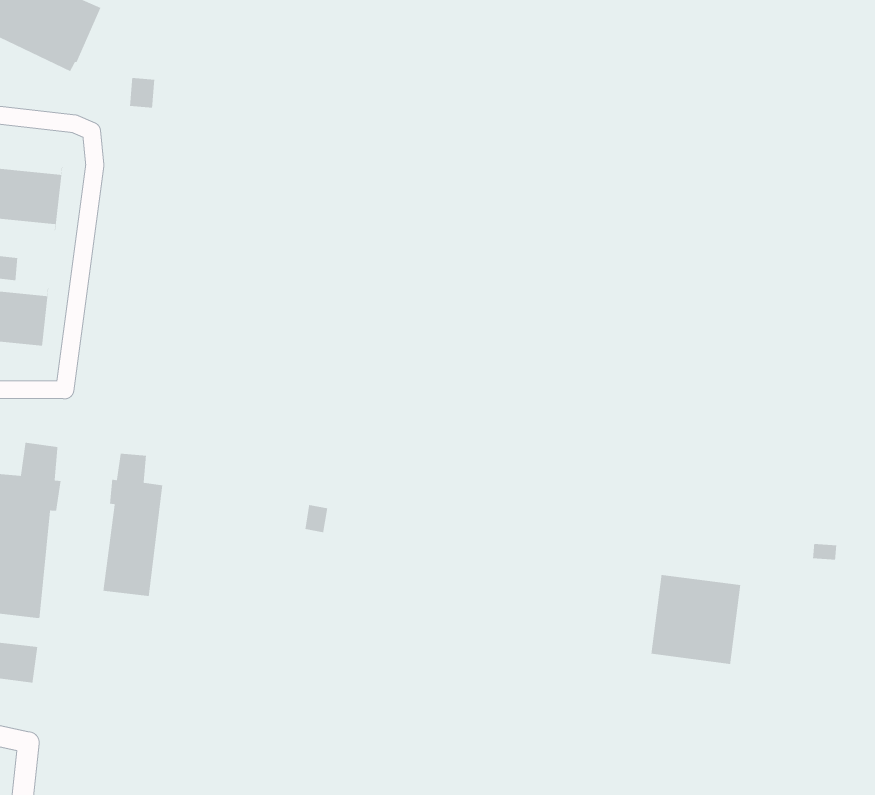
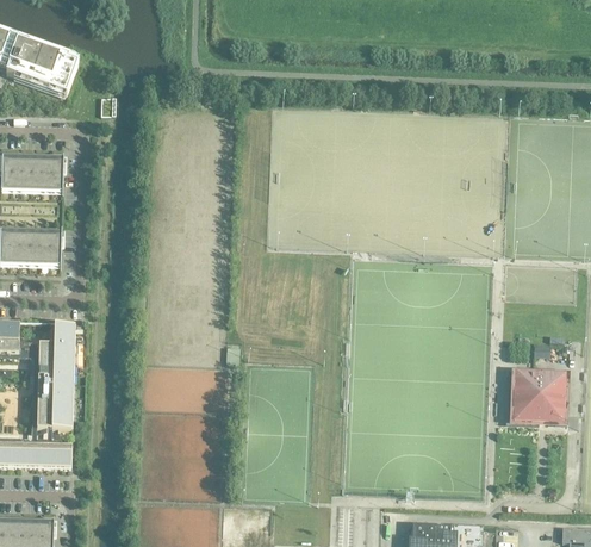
building: [103,453,163,597] -> none
building: [651,574,741,665] -> [512,369,564,421]

